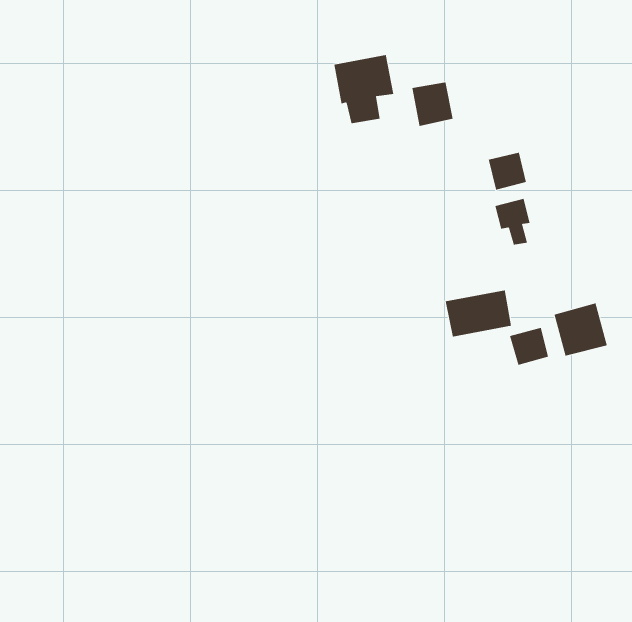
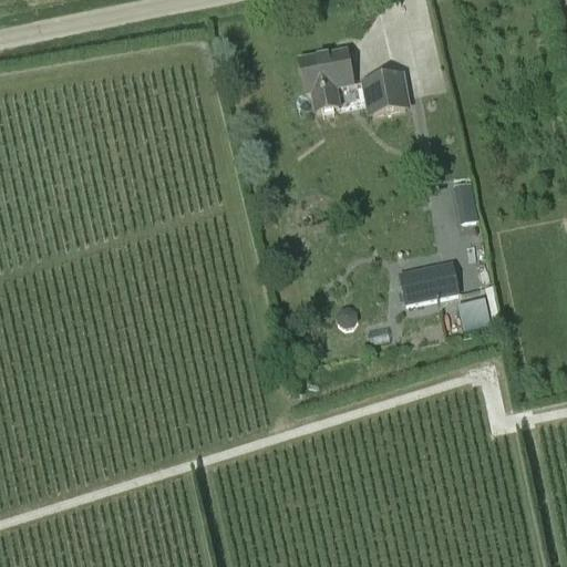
building: [488,152,527,191] -> none
building: [554,302,608,357] -> none

